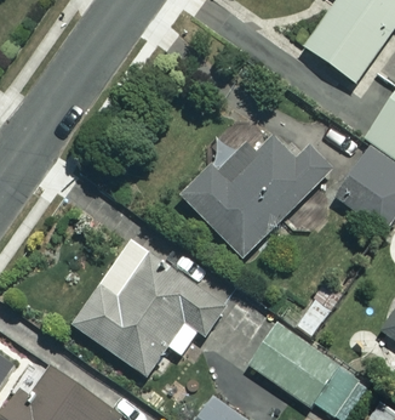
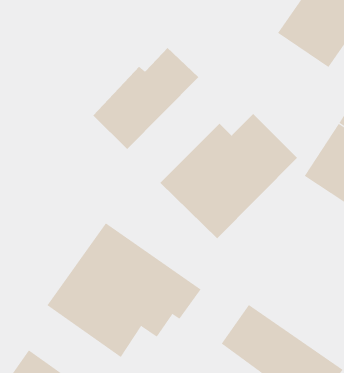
building: none -> [92,47,199,150]

